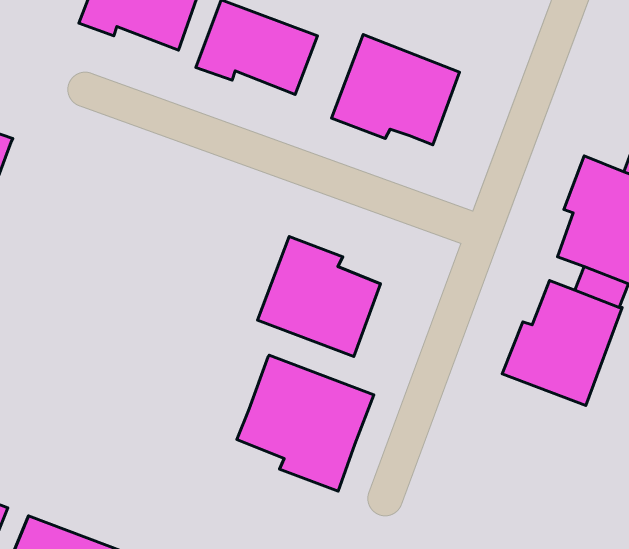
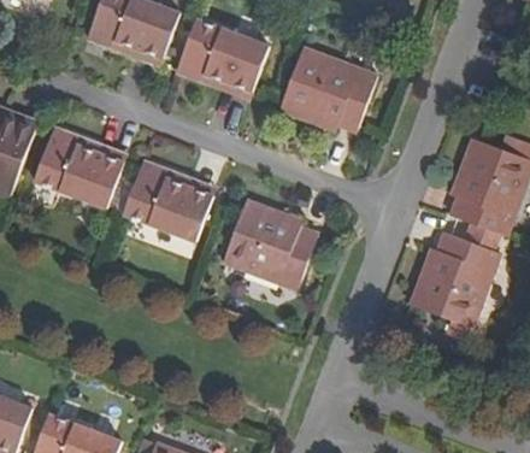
building: none -> [34,128,124,206]
building: none -> [124,160,213,240]
building: [237,355,374,491] -> none

